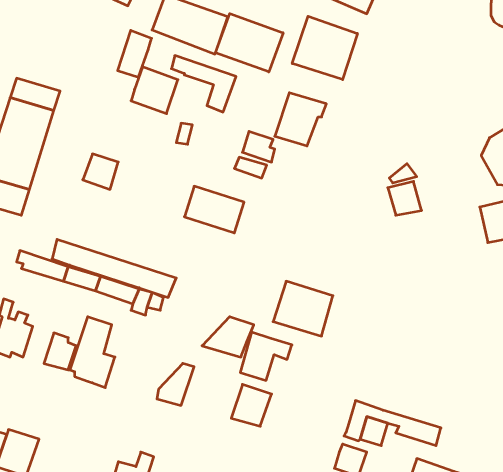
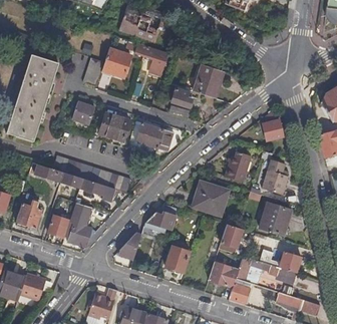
building: [215,14,283,72] -> none
building: [292,16,357,80] -> none
building: [118,30,152,77] -> [83,57,104,86]
building: none -> [100,113,129,141]
building: none -> [225,151,251,184]
building: none -> [262,159,288,195]
building: none -> [259,203,291,235]
building: [240,332,292,380] -> [219,224,251,254]
building: none -> [259,249,301,273]
building: none -> [208,262,236,288]

